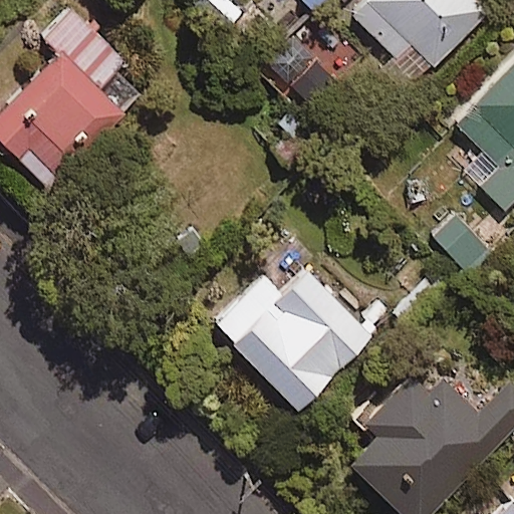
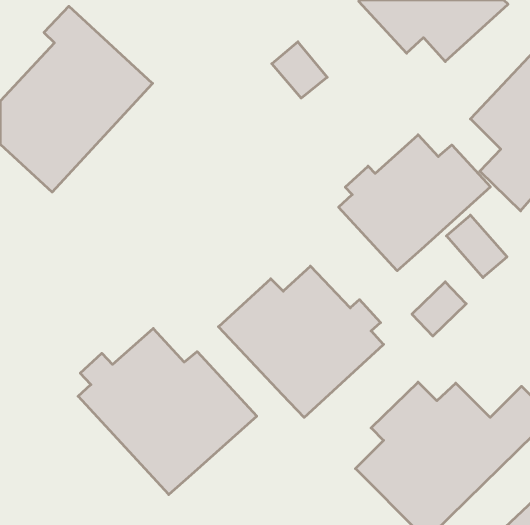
building: none -> [339,135,490,271]
building: none -> [78,328,257,495]

